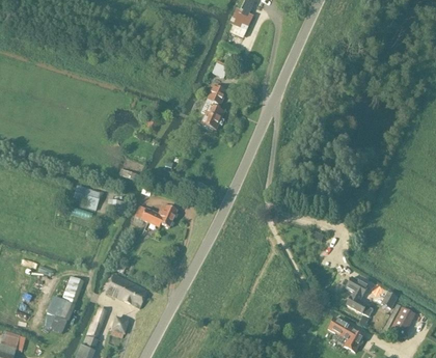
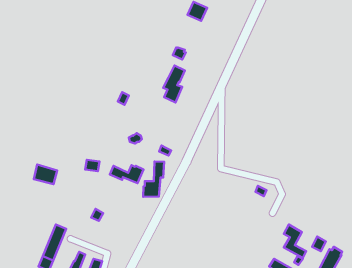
building: [72,185,100,209] -> [34,164,57,184]
building: none -> [143,161,164,197]
building: [104,274,146,308] -> none

